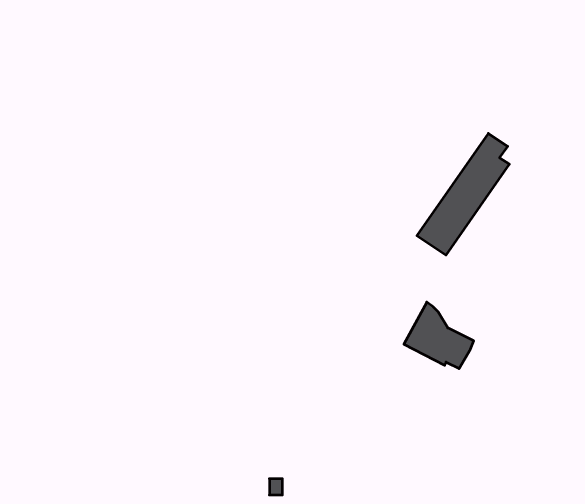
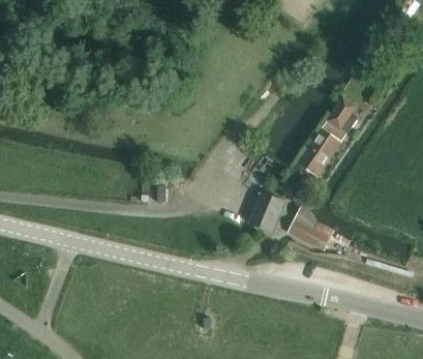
building: none -> [250,196,283,231]

